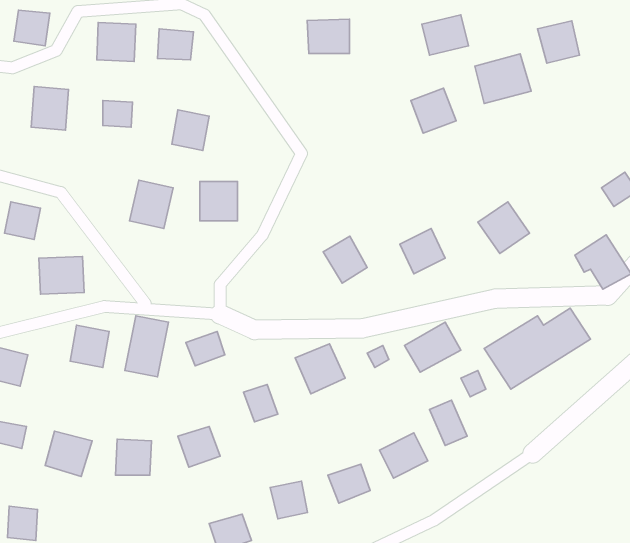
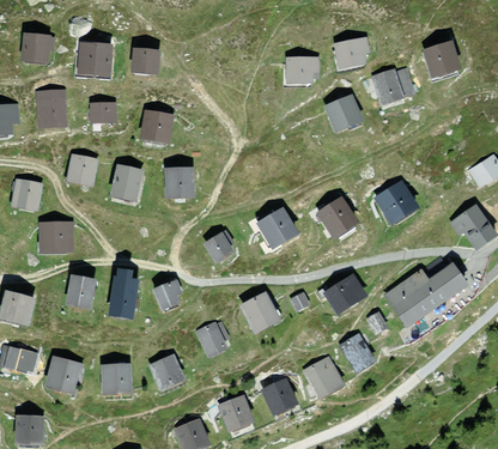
building: [307,19,350,53] -> [287,57,320,84]
building: none -> [69,156,99,184]
building: none -> [204,230,235,260]

